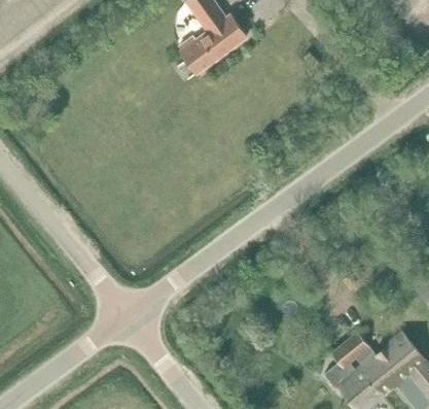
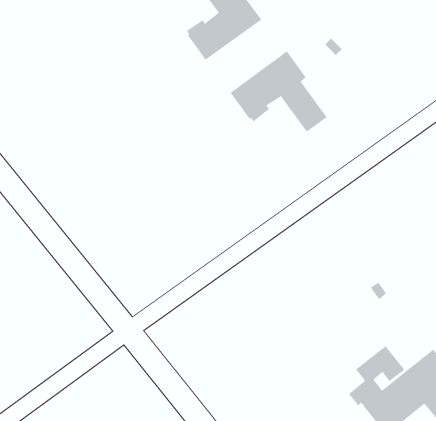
building: none -> [230,51,327,133]

